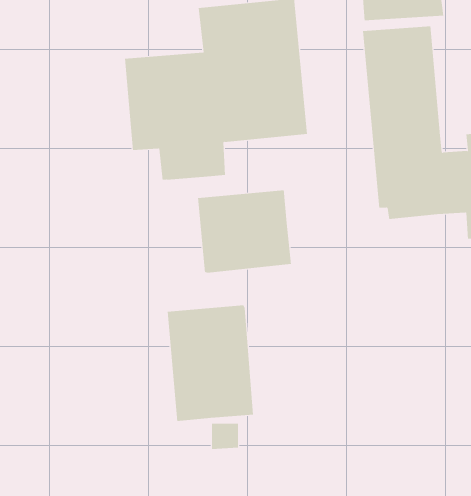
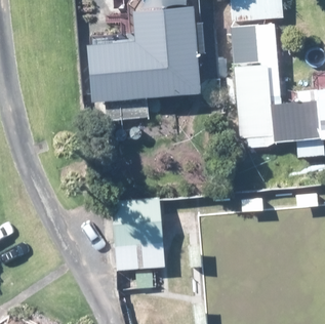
building: [197,190,292,273] -> none

